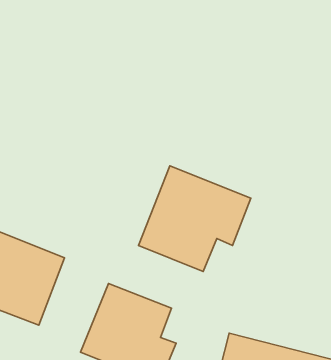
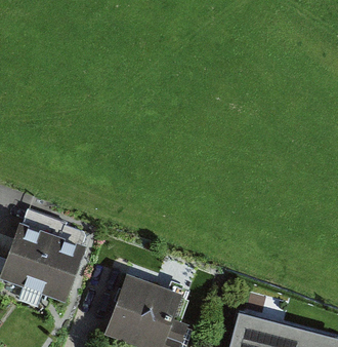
building: [139,166,251,272] -> none

